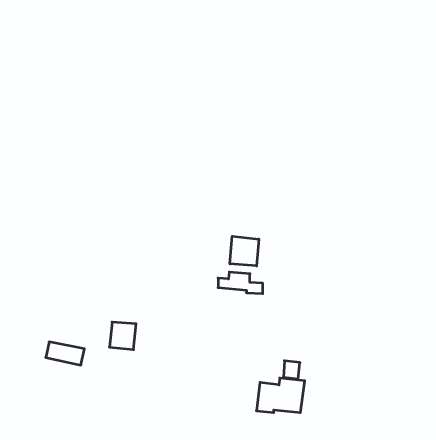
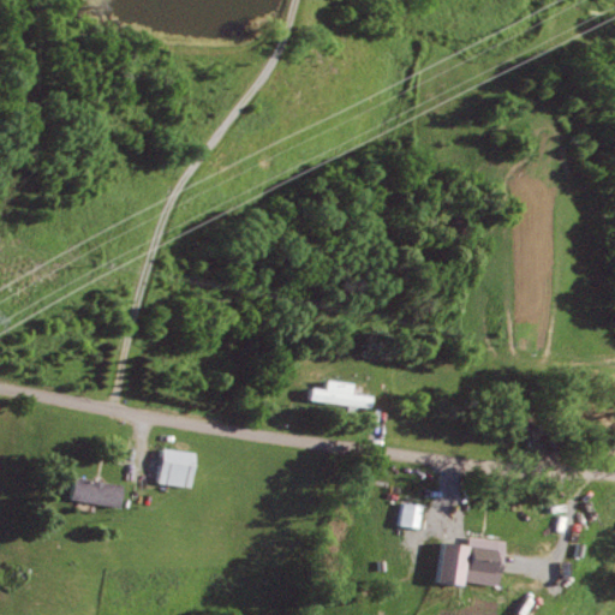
building: [230,236,259,266] -> none
building: [256,378,305,413] -> [436,537,503,585]

